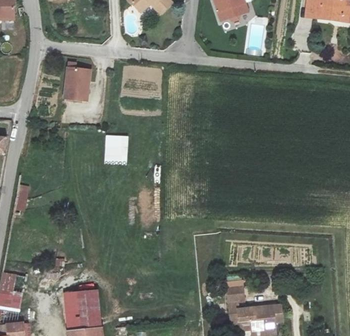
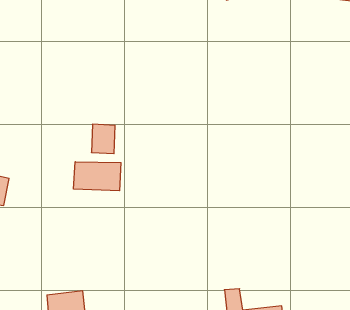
building: [62,68,88,101] -> none
building: none -> [74,162,121,191]

